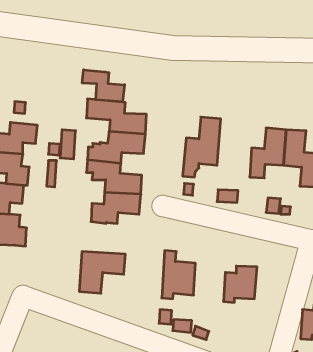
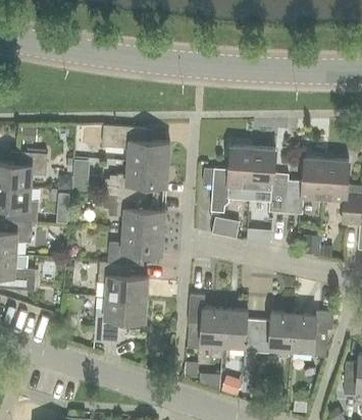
building: [82,70,125,102] -> none
building: none -> [249,148,288,213]
building: none -> [97,262,147,300]
building: none -> [222,310,258,353]
building: none -> [291,311,332,358]

